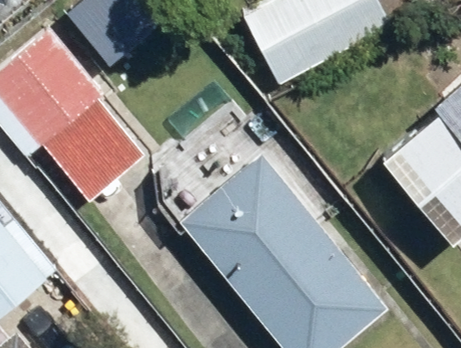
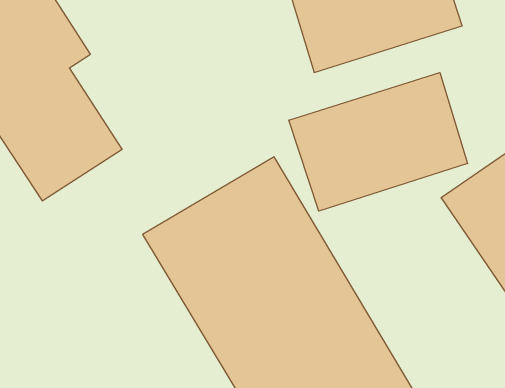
building: none -> [289,73,468,211]

